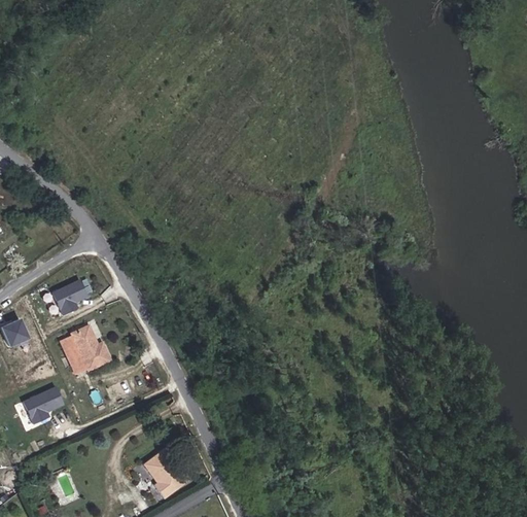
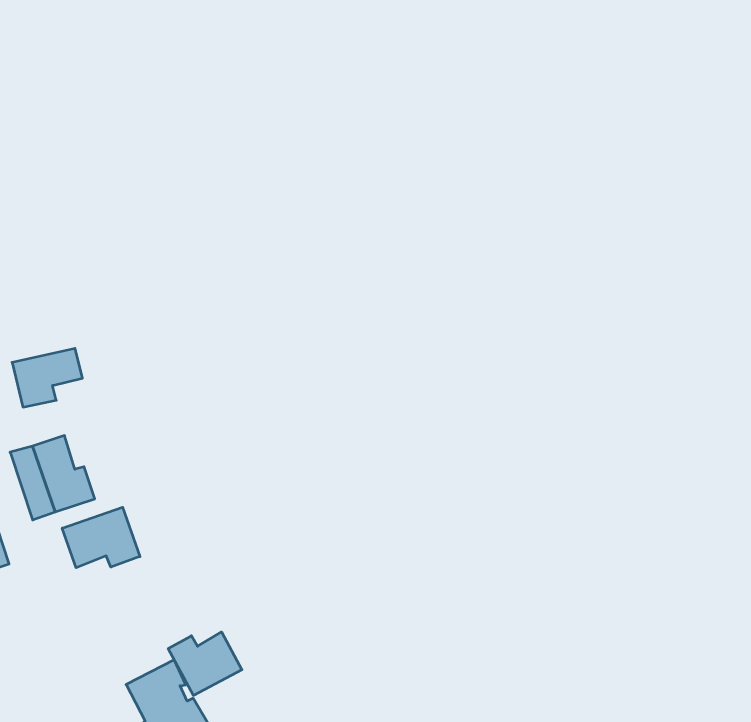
building: none -> [62,507,140,568]
building: none -> [168,632,242,695]

